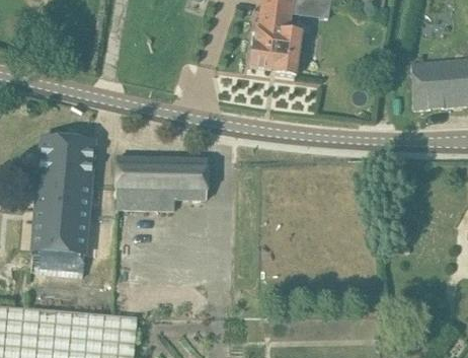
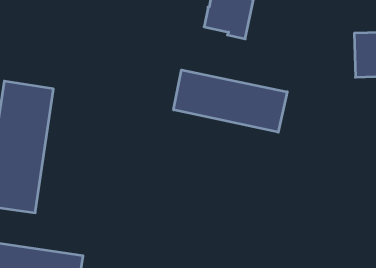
building: none -> [174,70,287,132]
building: [116,156,208,211] -> none

